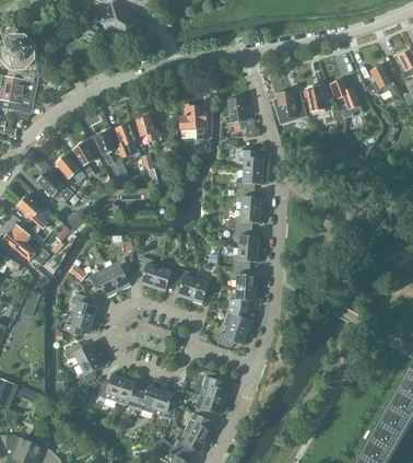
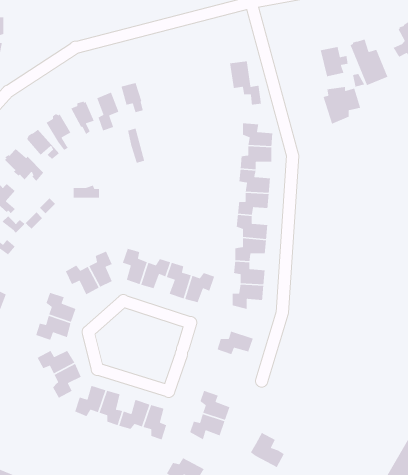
building: [273,91,306,124] -> [322,86,361,125]
building: [185,105,205,135] -> none
building: [224,305,253,333] -> none
building: [185,413,214,443] -> [250,432,285,468]

